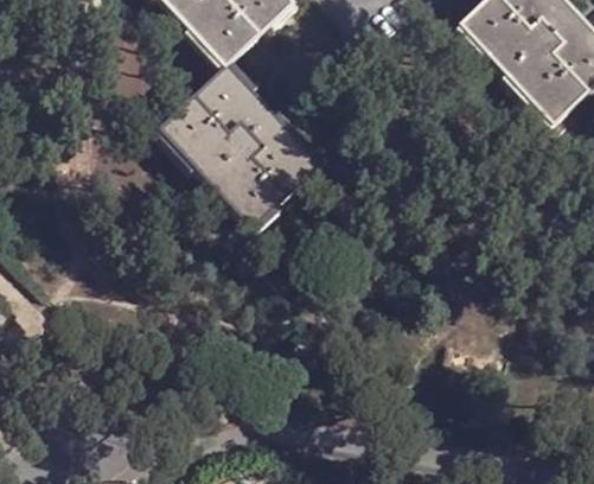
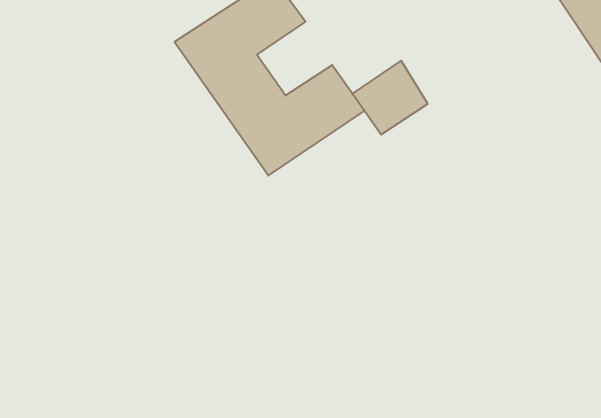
building: [224,95,288,159] -> [352,61,428,134]

